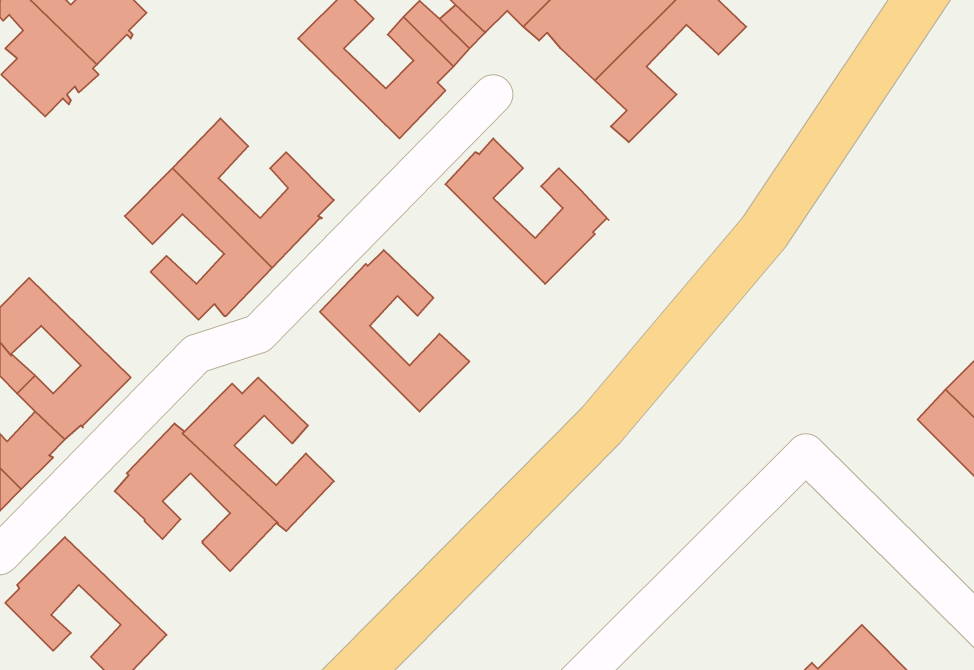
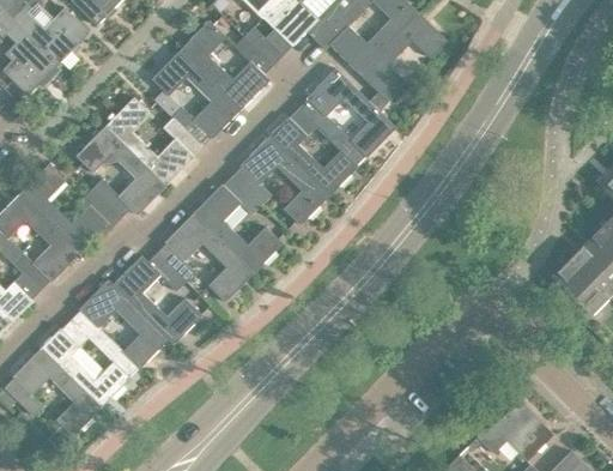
building: none -> [150,49,241,146]
building: none -> [297,68,396,158]
building: none -> [231,137,328,225]
building: none -> [18,164,120,253]
building: none -> [156,213,253,303]
building: none -> [40,321,139,407]

